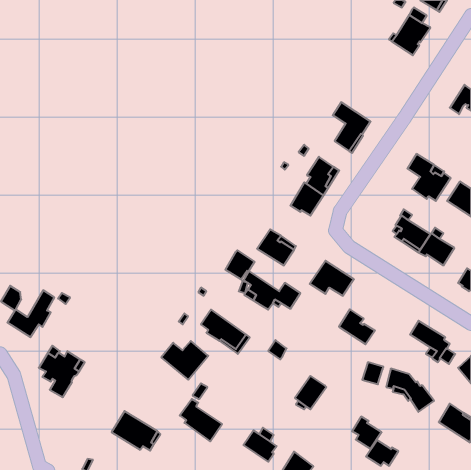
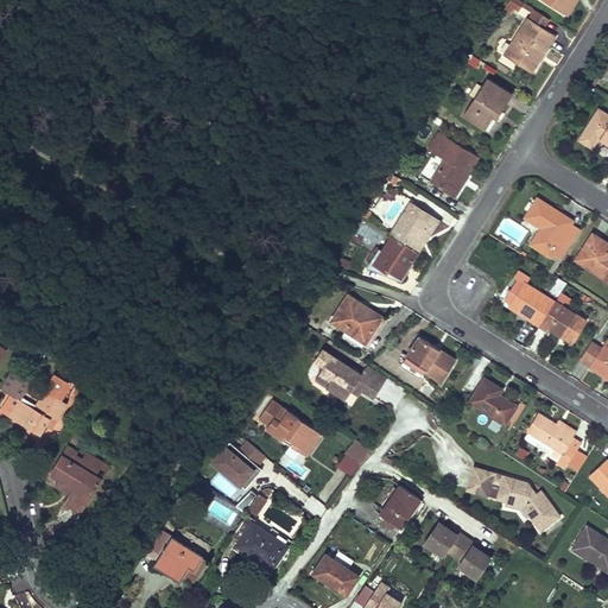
building: none -> [463,78,512,131]
building: [225,250,255,280] -> none
building: [339,309,375,344] -> [470,379,517,424]
building: [366,440,398,466] -> [424,524,466,557]

